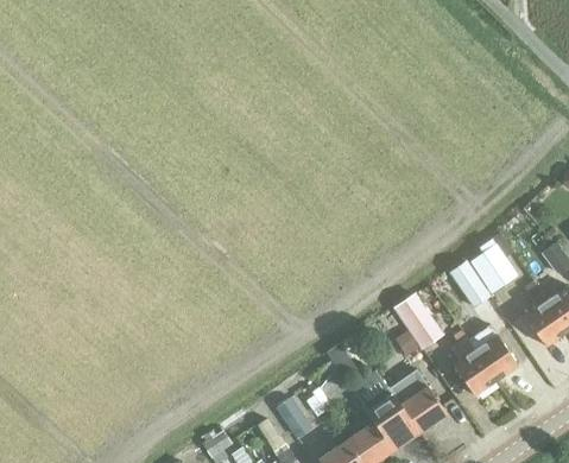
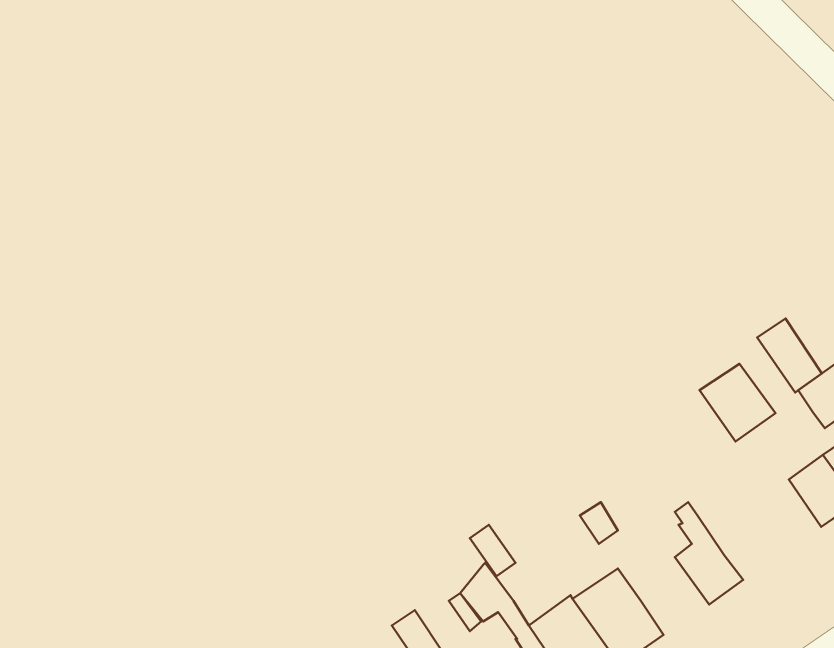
building: [449,260,489,306] -> [757,319,822,393]
building: [396,294,441,347] -> none
building: [468,332,518,379] -> none

